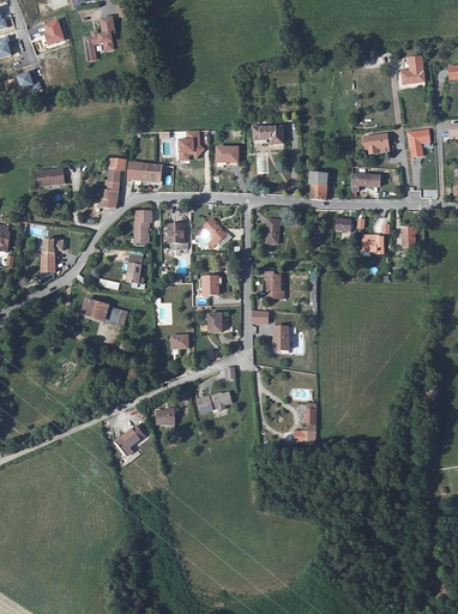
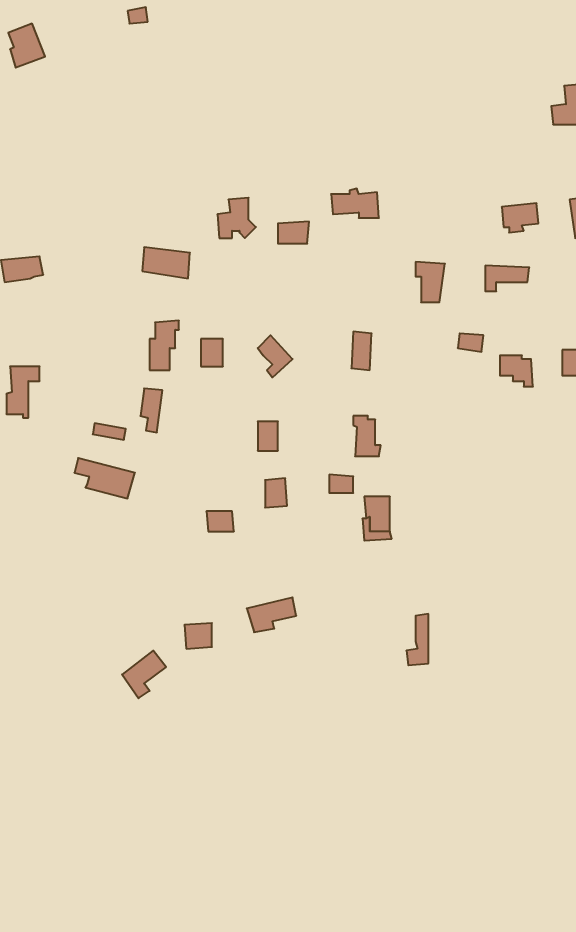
building: [84,17,115,52] -> none
building: [101,157,126,209] -> none

